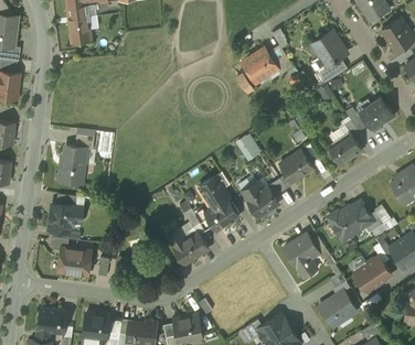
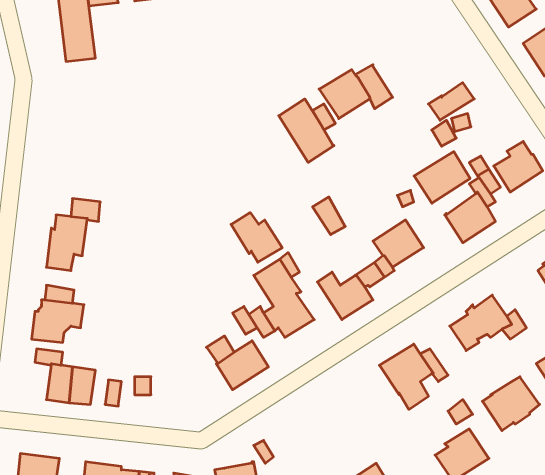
building: [310,31,345,67] -> none
building: none -> [279,99,334,162]
building: none -> [414,152,470,203]
building: none -> [231,213,282,262]

